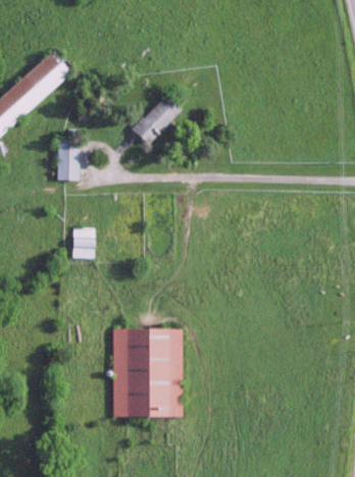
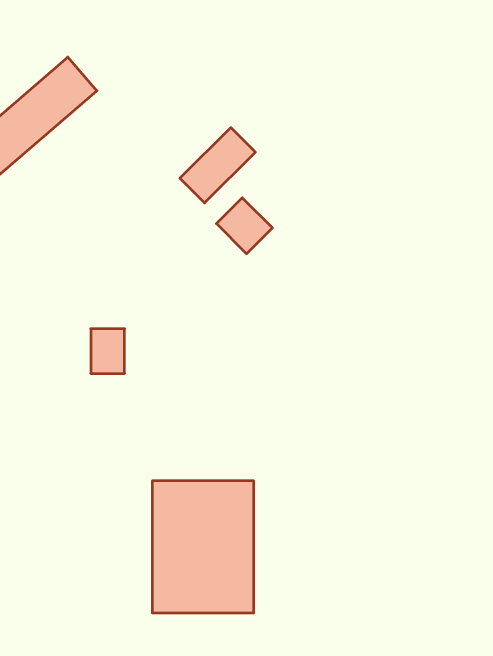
building: [56,140,79,180] -> none
building: none -> [216,198,272,254]

